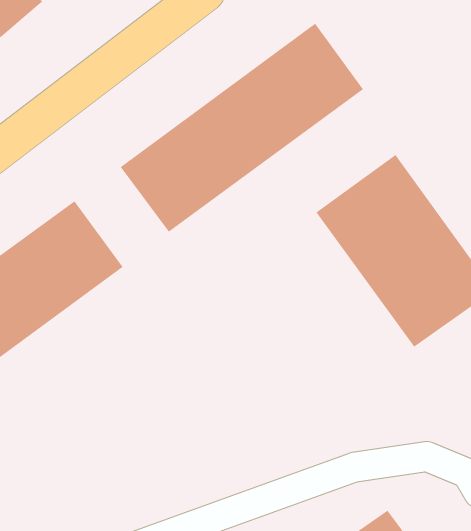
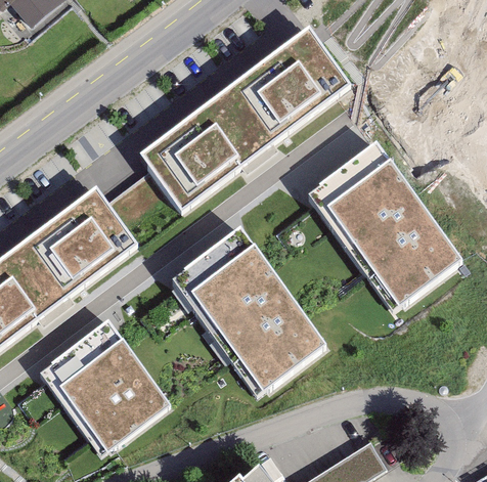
building: none -> [172,227,326,394]
building: none -> [42,321,169,453]

